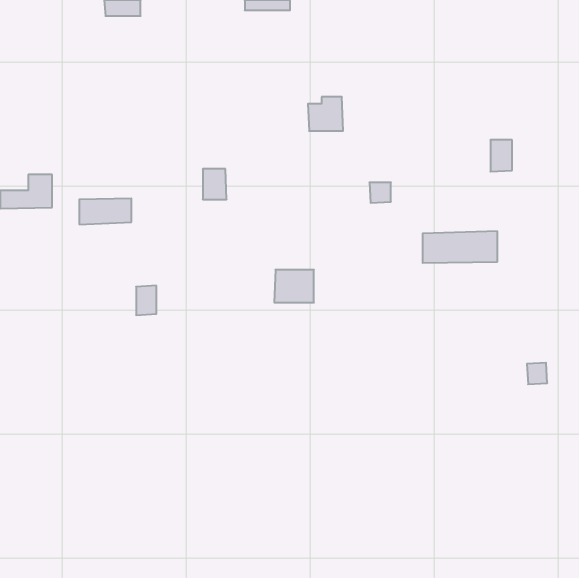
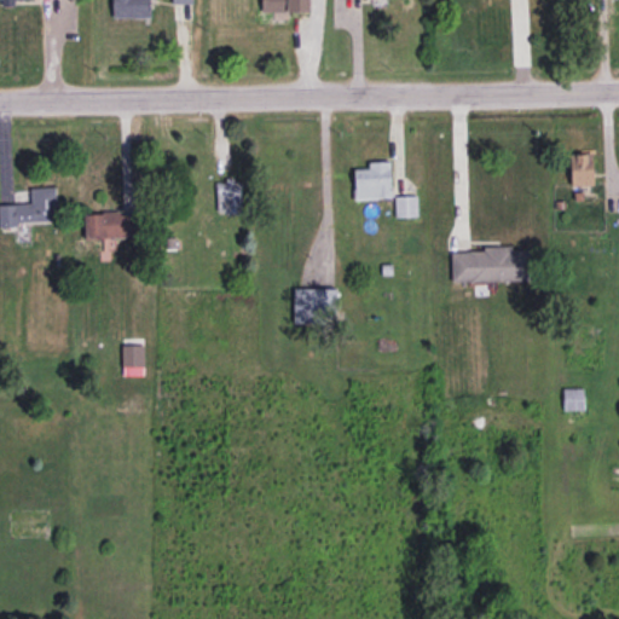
building: [308,97,343,131] -> [353,162,391,198]
building: [490,140,512,172] -> [571,152,594,186]
building: [136,286,156,315] -> [122,345,144,376]

